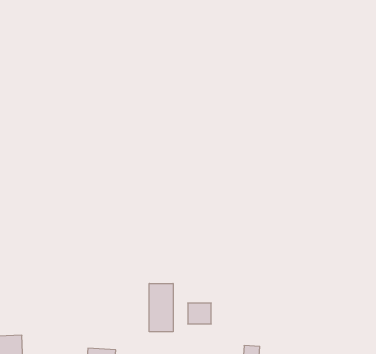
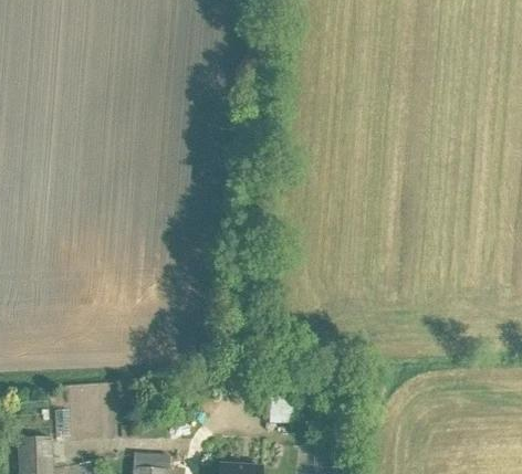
building: [149,283,173,332] -> none

